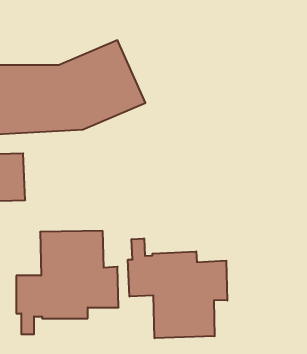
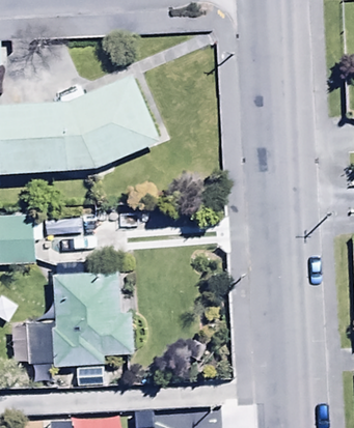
building: [128,238,227,338] -> none

